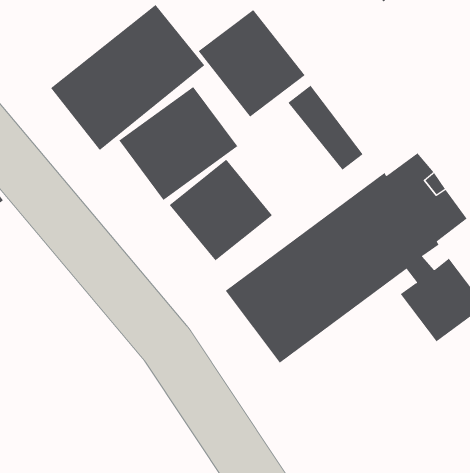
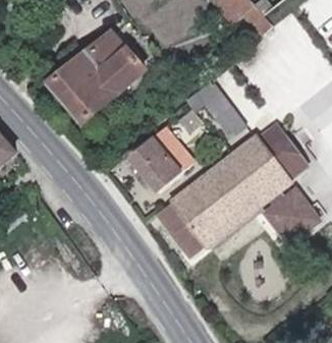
building: [198,9,306,118] -> none
building: [119,86,238,201] -> none

